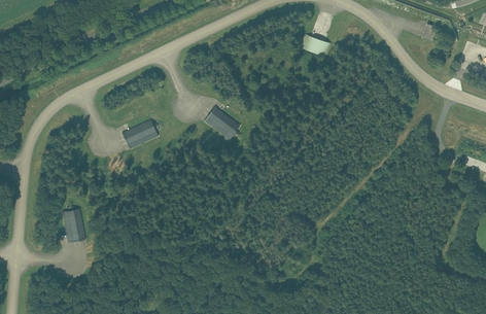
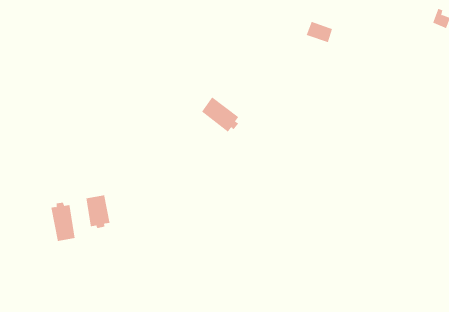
building: [121,119,160,149] -> none
building: none -> [86,194,110,229]

